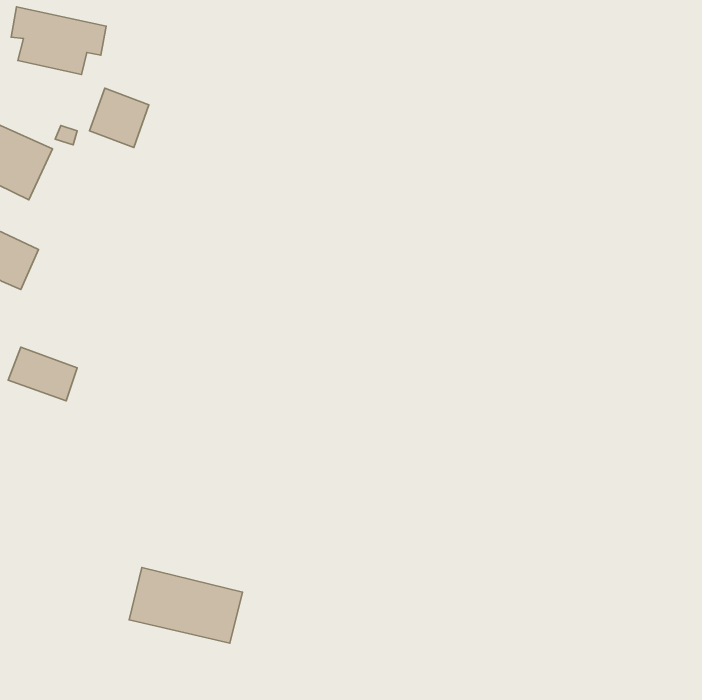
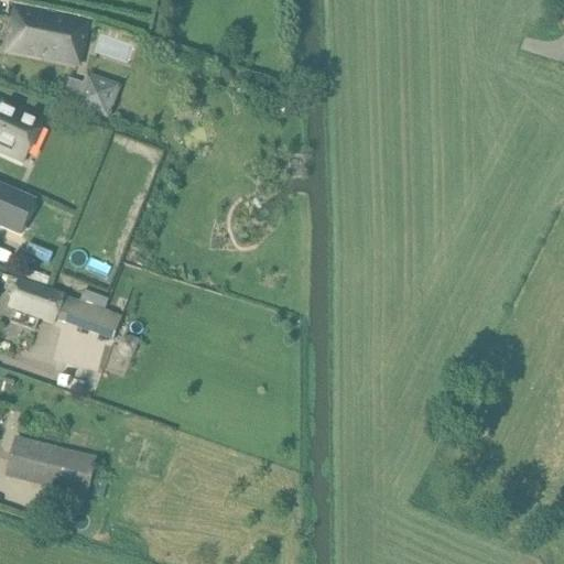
building: none -> [56,294,120,338]
building: [129,567,242,643] -> [6,435,96,496]

